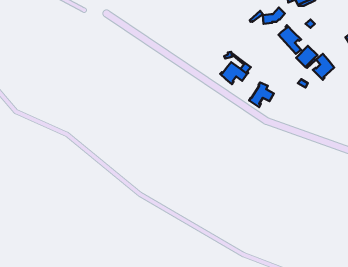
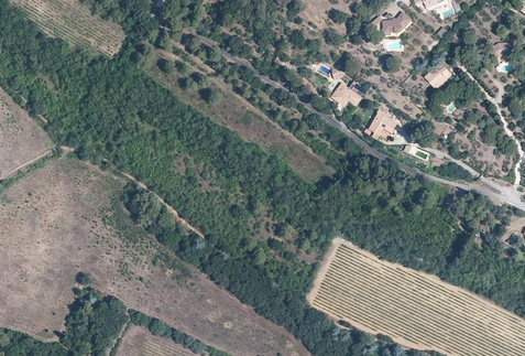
building: [278,25,301,54] -> none
building: [313,54,334,80] -> none

